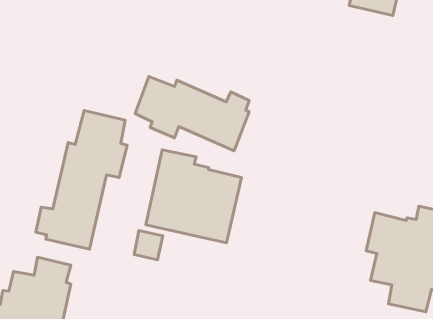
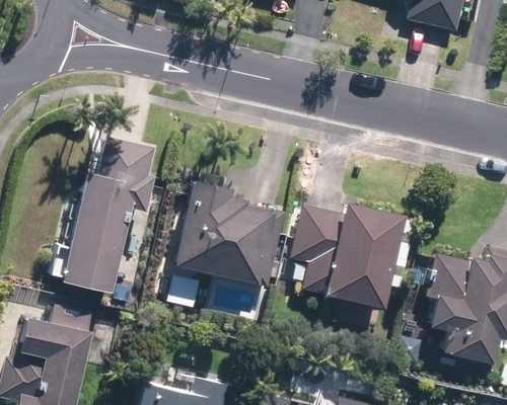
building: [135,76,249,151] -> none
building: none -> [290,205,407,311]

